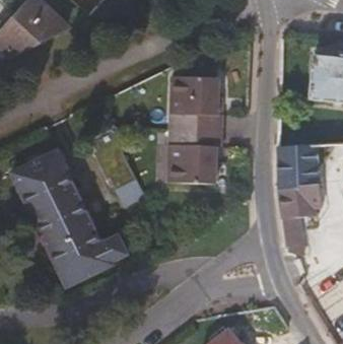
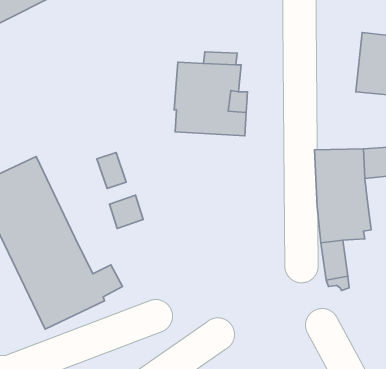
building: [163,131,222,185] -> none

